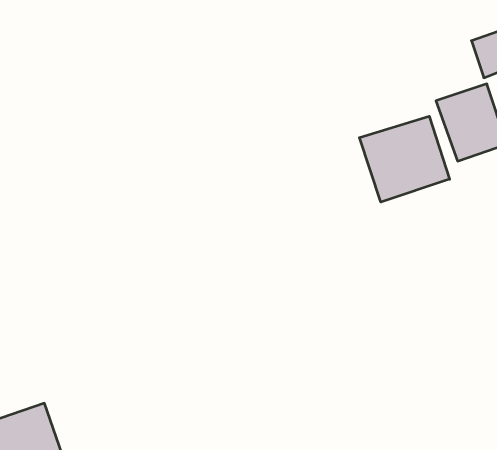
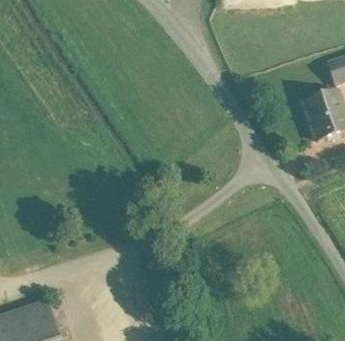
building: [359,116,450,202] -> none

